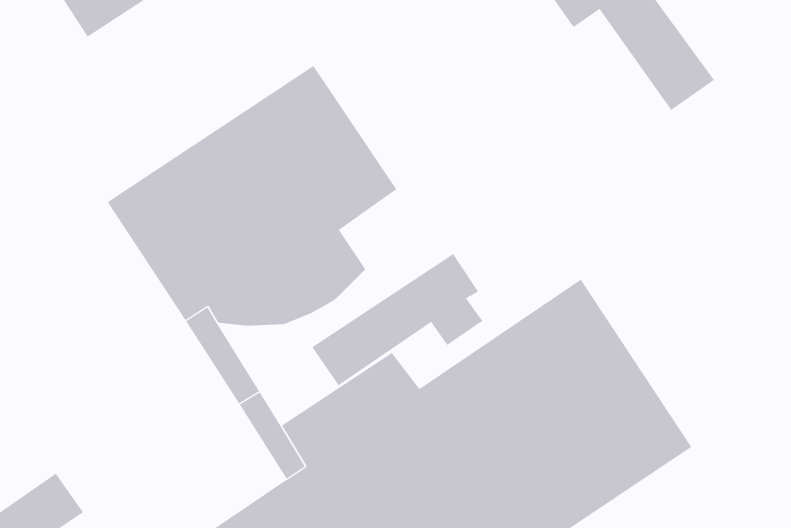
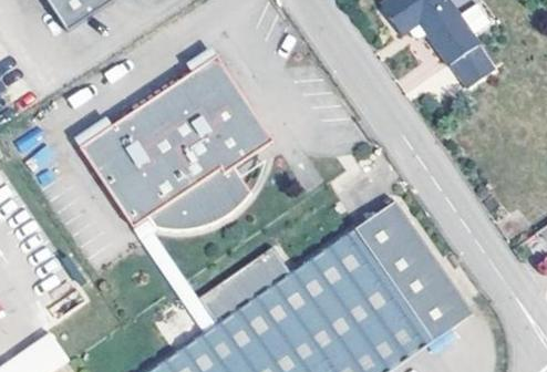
building: [311,253,483,386] -> none

